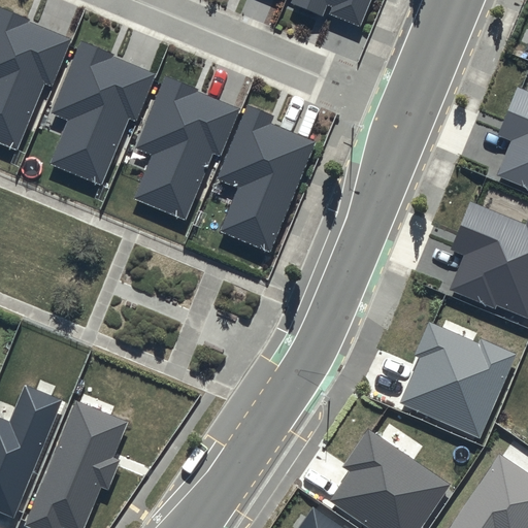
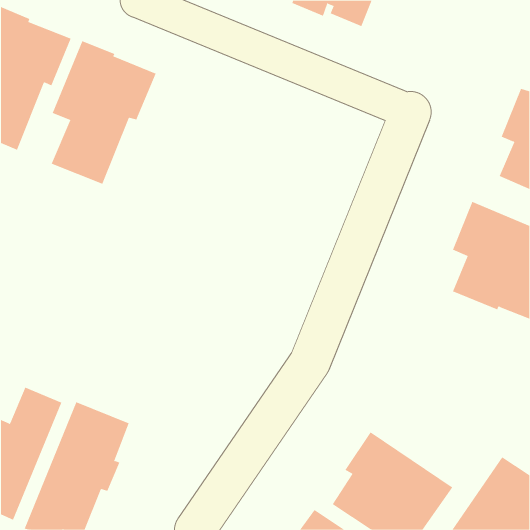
building: [134,75,240,219] -> none
building: [217,105,317,254] -> none
building: [400,322,517,438] -> none

